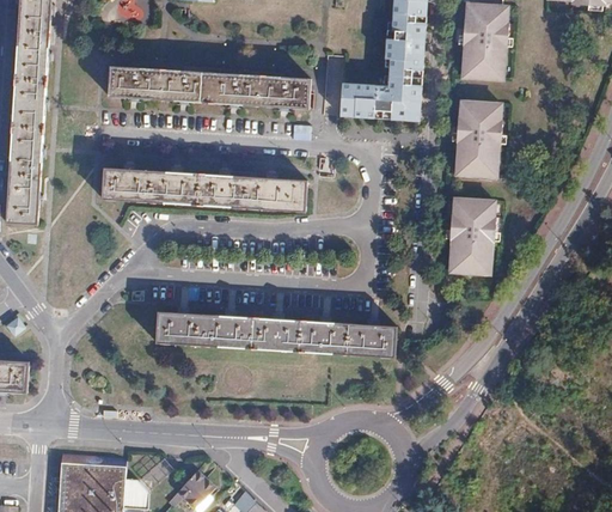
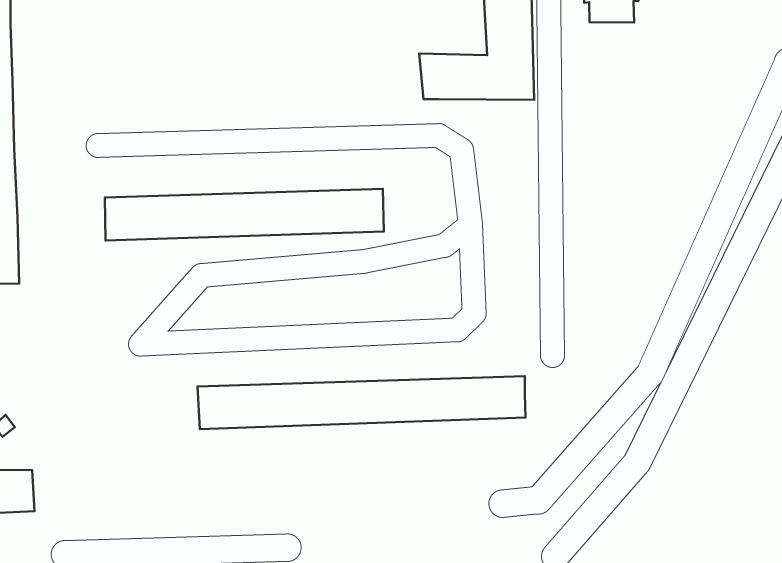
building: [106,66,308,109] -> none
building: [455,99,502,173] -> none
building: [449,195,496,270] -> none

